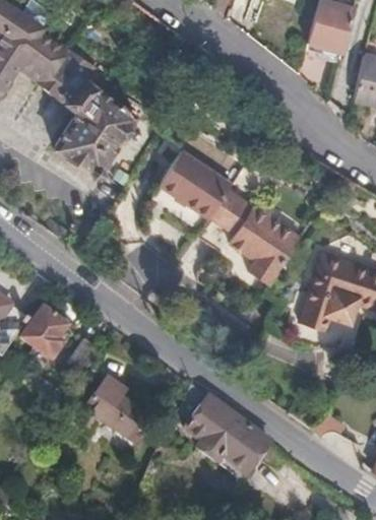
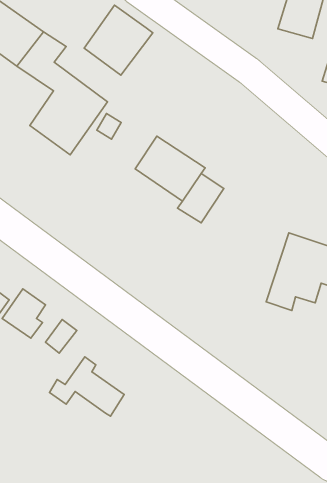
building: none -> [84,5,153,75]
building: [230,201,300,286] -> none
building: [180,389,288,478] -> none

